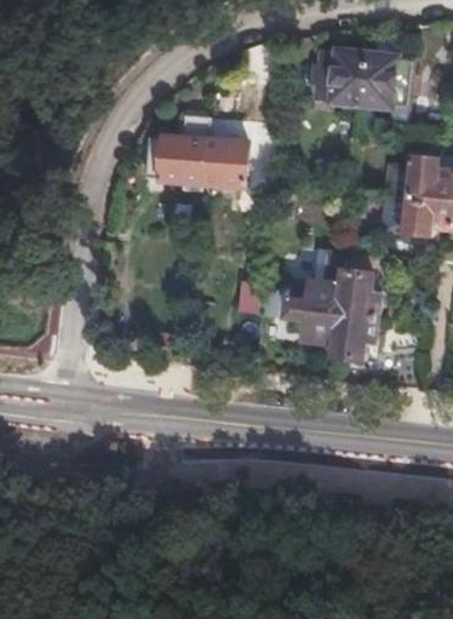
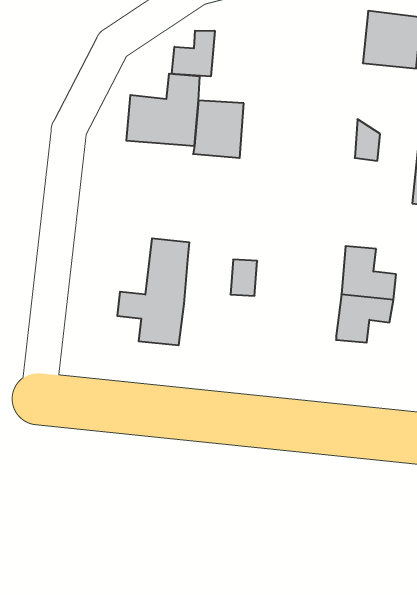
building: [316,51,365,103] -> none
building: none -> [172,31,215,76]
building: [280,253,345,350] -> [117,238,189,345]

